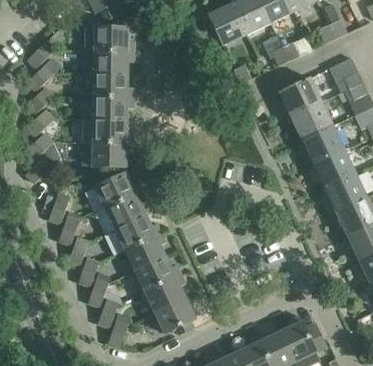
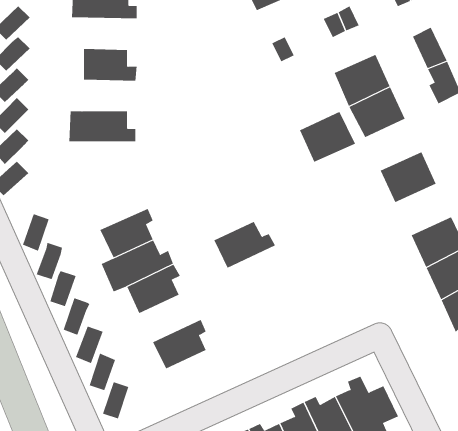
building: [84,50,133,74] -> none
building: [92,96,132,119] -> none
building: [302,125,344,163] -> [299,111,356,163]
building: [92,142,132,166] -> none
building: [95,172,141,208] -> none
building: [324,173,366,212] -> none
building: [134,256,180,291] -> [214,221,276,269]
building: [154,297,195,333] -> none

